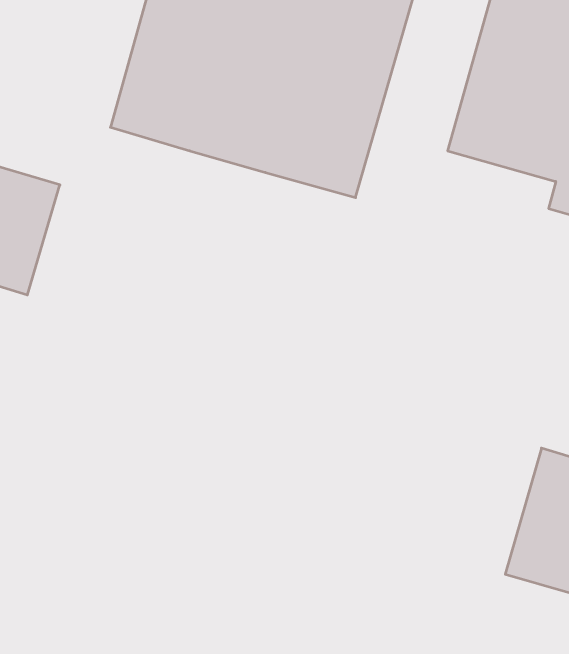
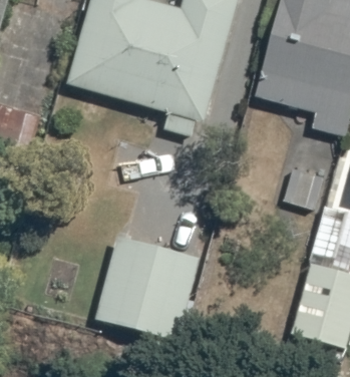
building: none -> [95,237,199,340]

